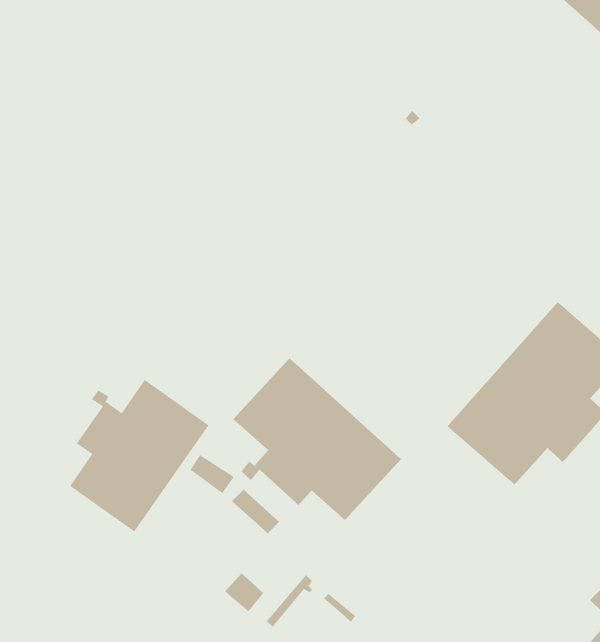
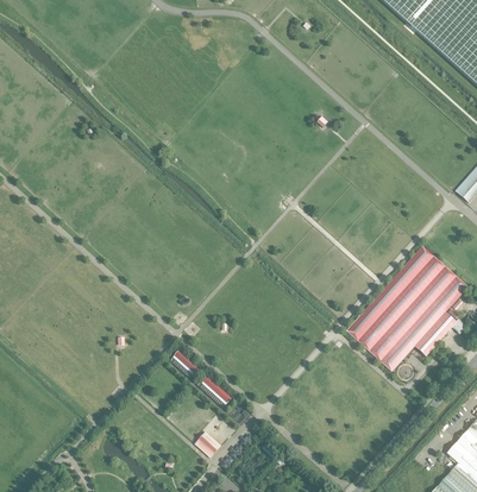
building: [233,357,402,521] -> none
building: [69,379,210,533] -> none

